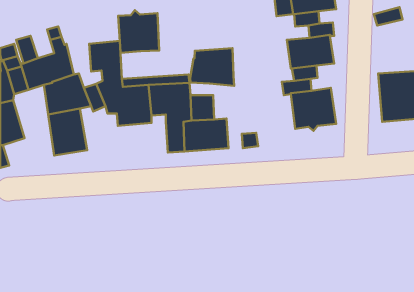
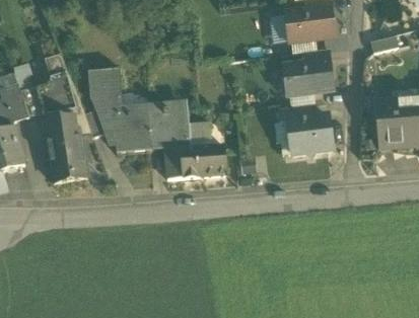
building: [118,10,159,53] -> none
building: [190,48,234,86] -> none

